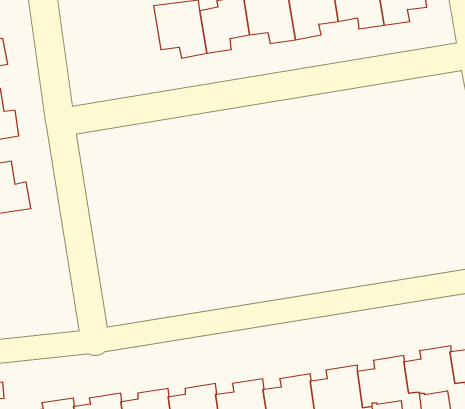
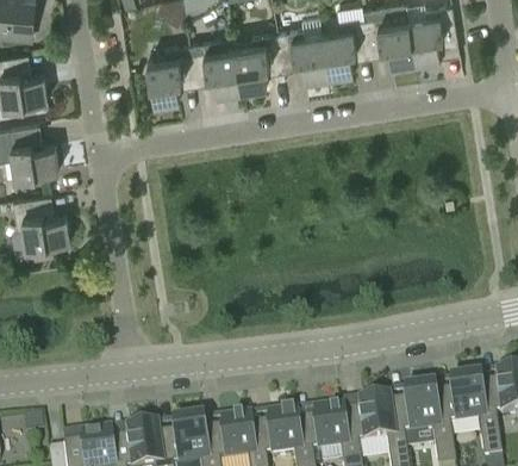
building: none -> [146,46,196,107]

